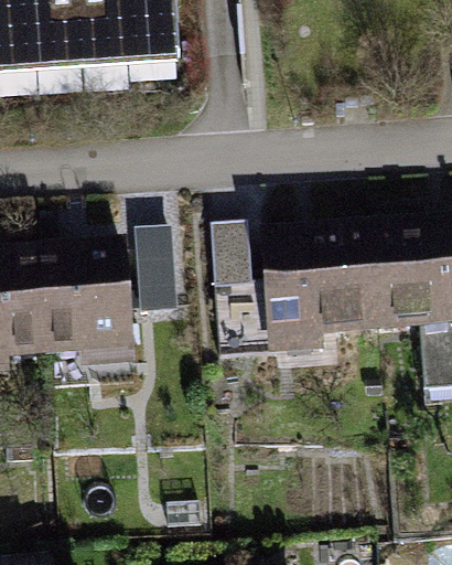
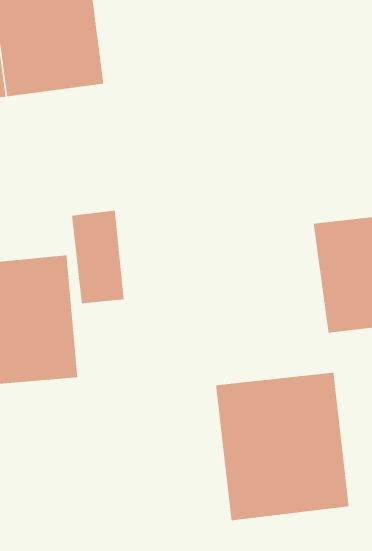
building: [240,236,374,348] -> none
building: none -> [215,372,350,521]

